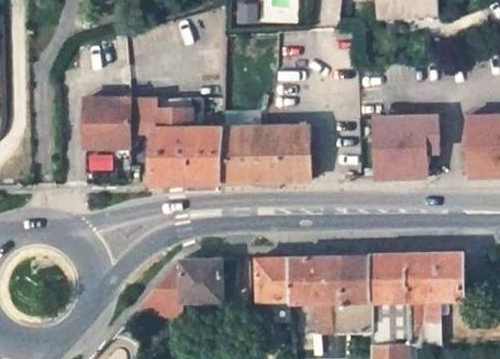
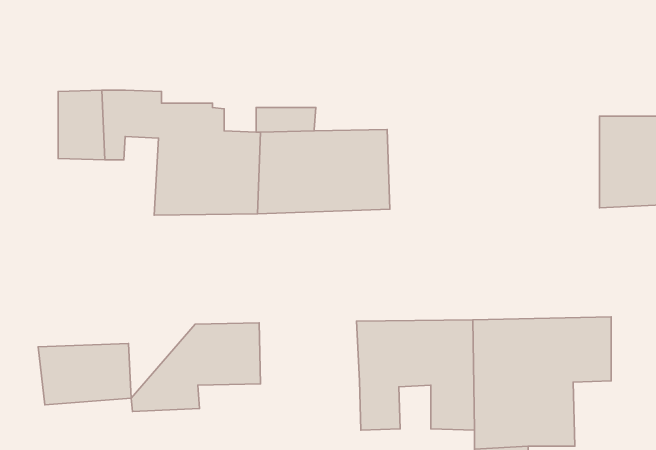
building: [366,115,430,179] -> none
building: [259,258,293,300] -> none
building: none -> [38,344,131,405]

